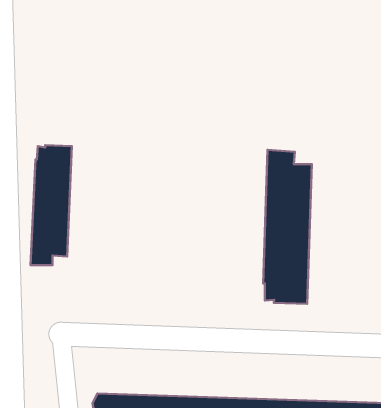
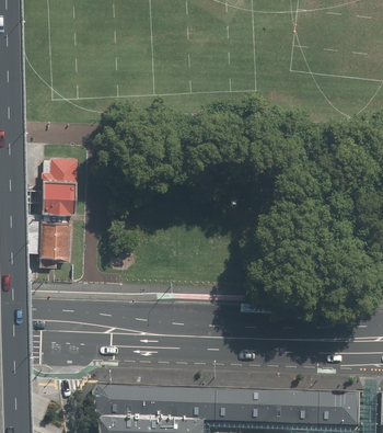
building: [263,150,312,304] -> none

